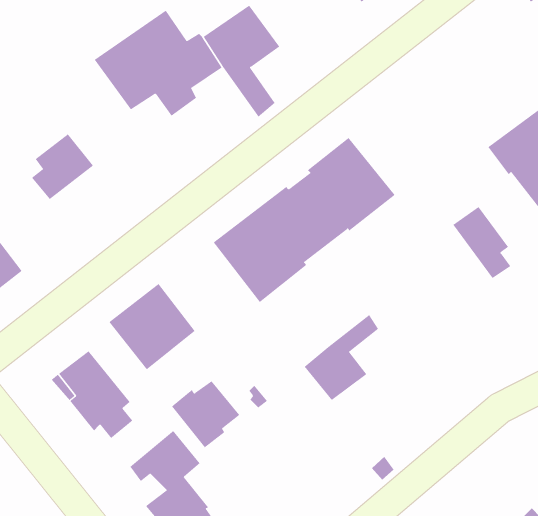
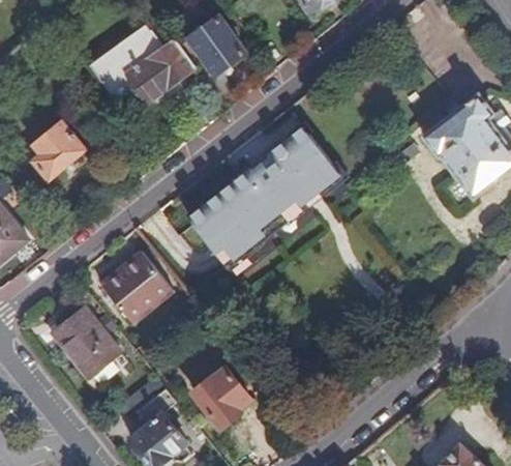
building: [452,206,511,279] -> none
building: [304,314,379,401] -> none
building: [171,381,240,448] -> [192,369,250,426]

